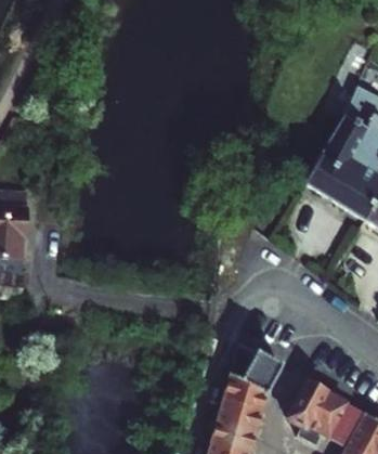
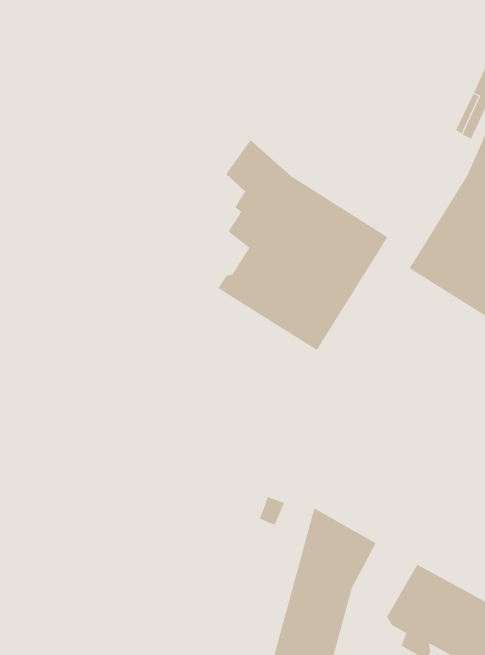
building: none -> [217,139,388,351]

